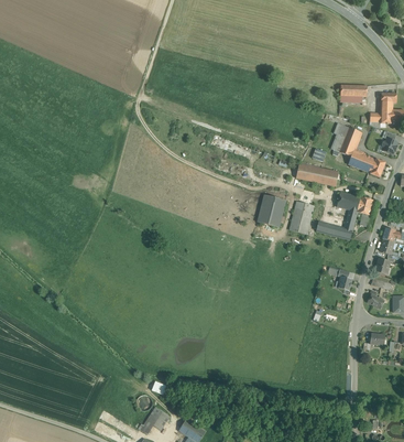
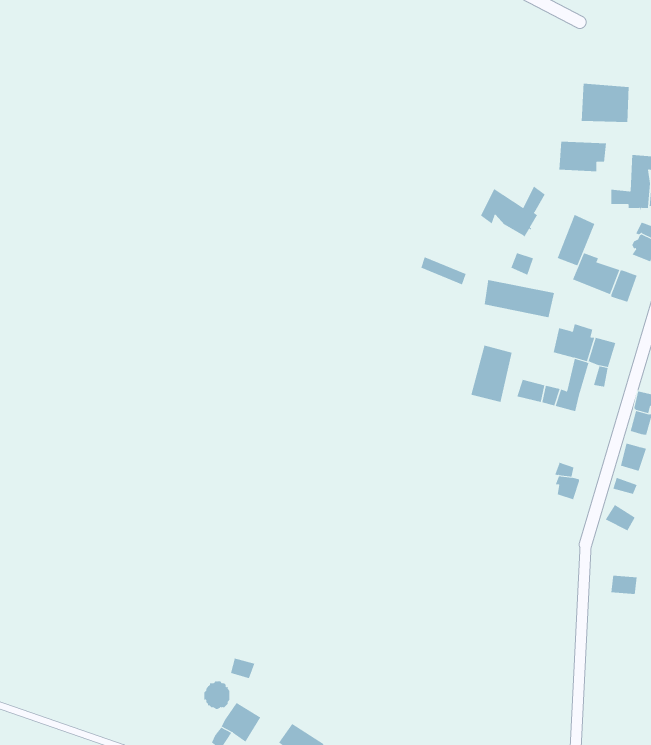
building: none -> [581,83,629,123]
building: none -> [480,185,546,237]
building: [258,195,286,227] -> none

